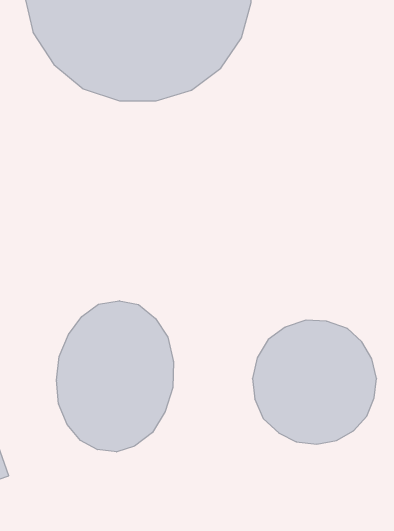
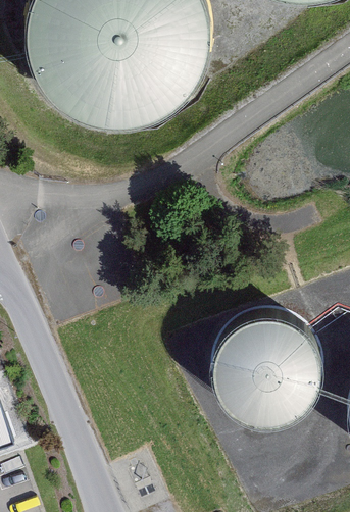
building: [57,301,173,452] -> none

